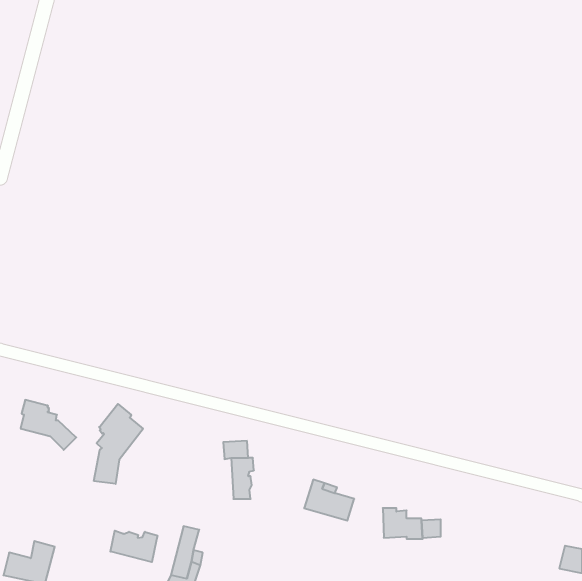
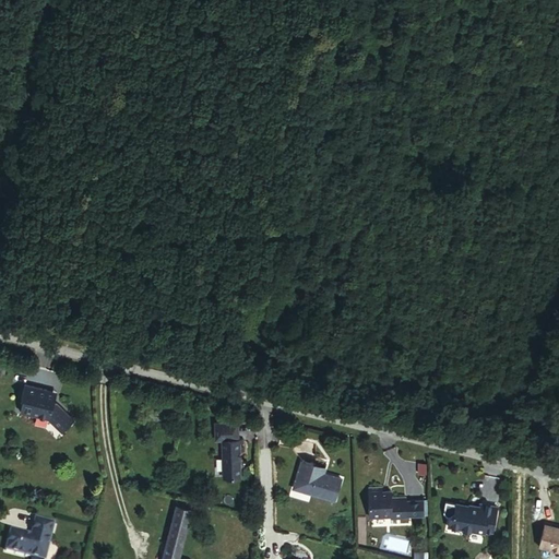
building: [94,404,143,484] -> none
building: none -> [445,502,496,533]
building: [110,531,157,562] -> none

